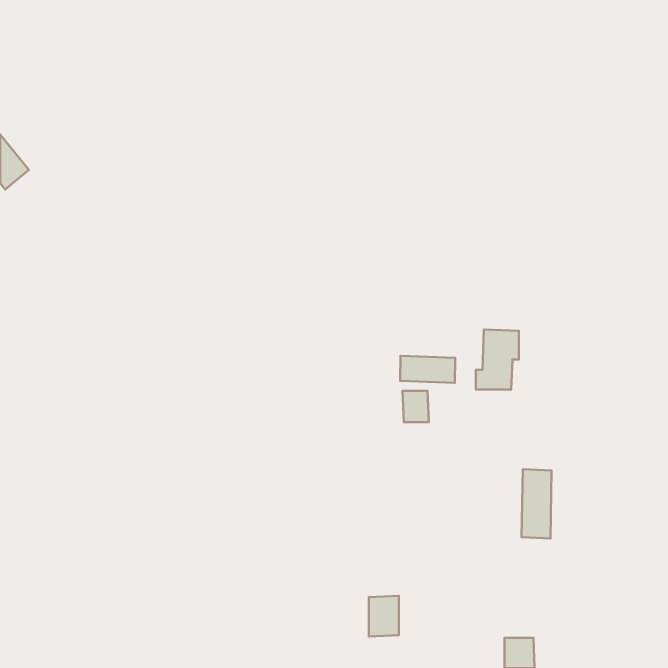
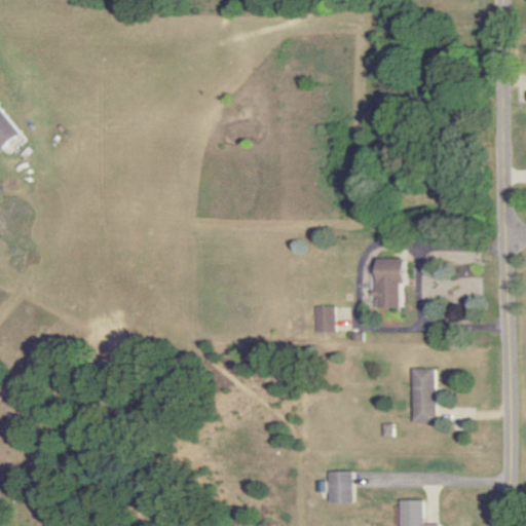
building: [400,356,455,383] -> none
building: [369,596,399,636] -> [327,472,350,503]

